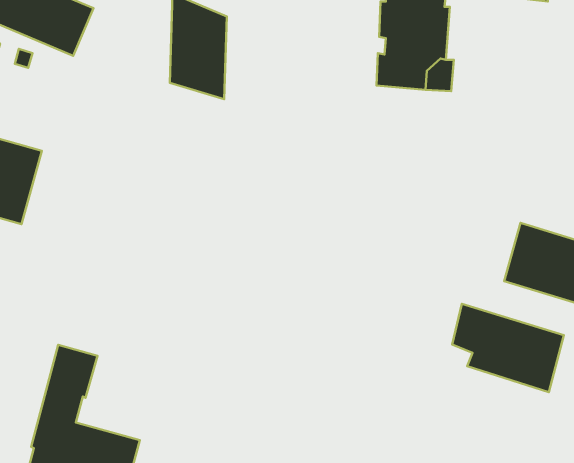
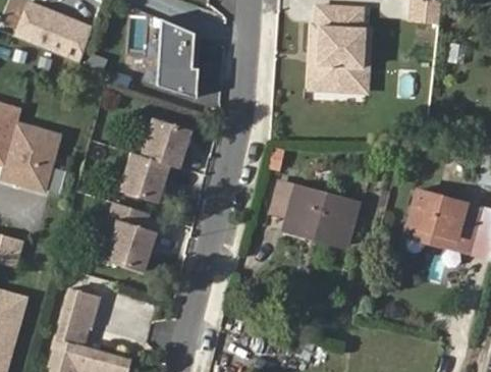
building: none -> [119,121,189,206]
building: none -> [100,208,158,276]
building: [452,304,564,392] -> [275,181,359,248]

